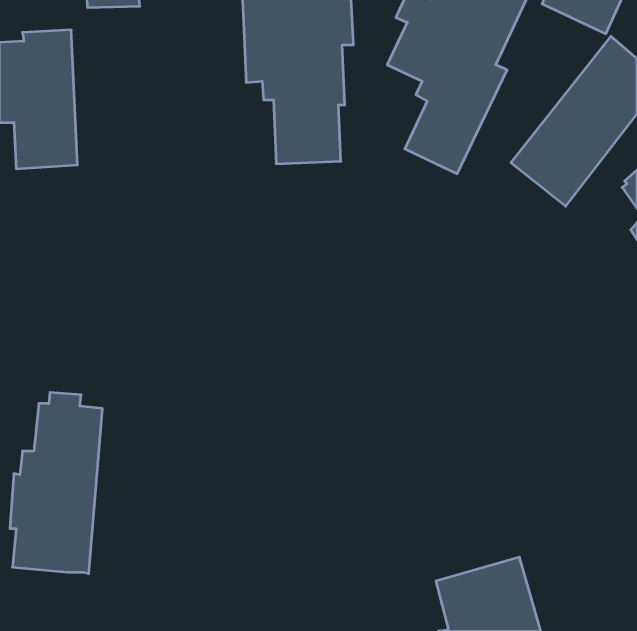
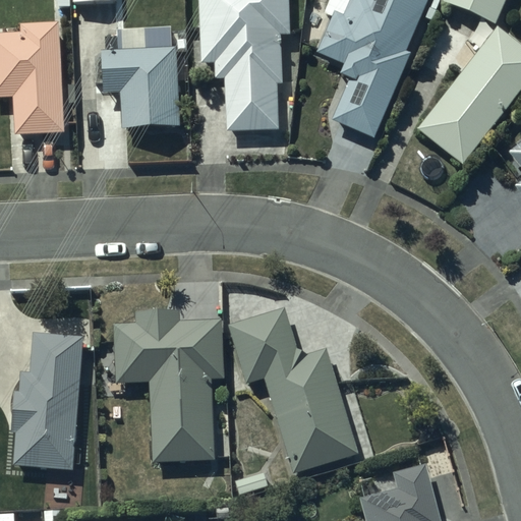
building: none -> [101,30,178,131]
building: none -> [229,297,359,464]
building: none -> [115,300,226,453]

